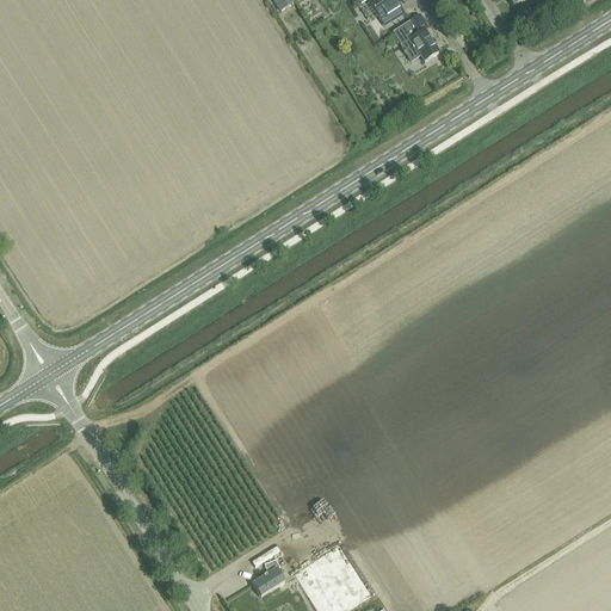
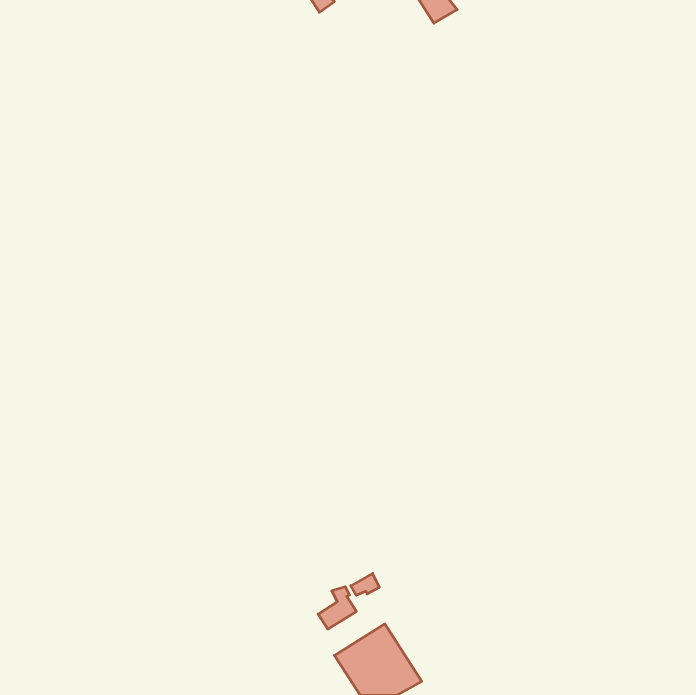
building: [402,16,437,62] -> none
building: [251,561,284,598] -> [318,587,356,629]

